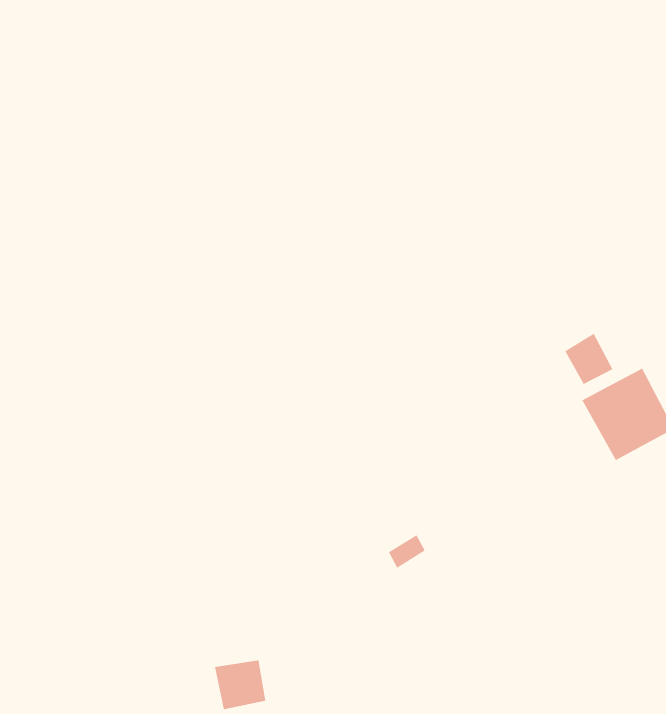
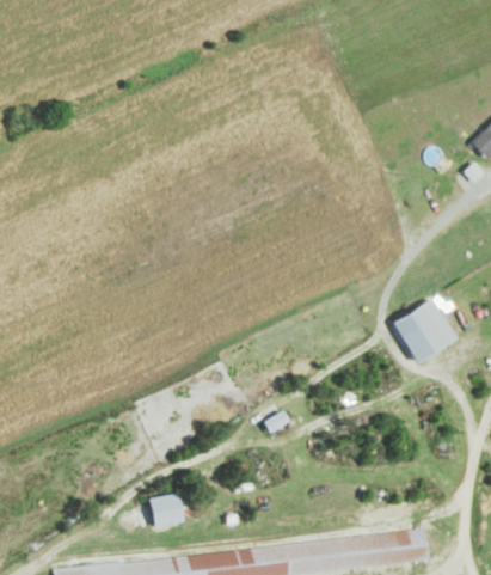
building: [564,333,613,385] -> none

